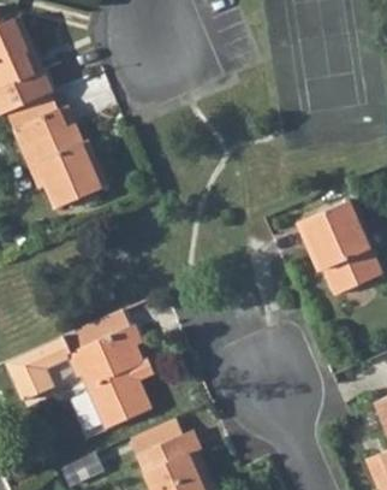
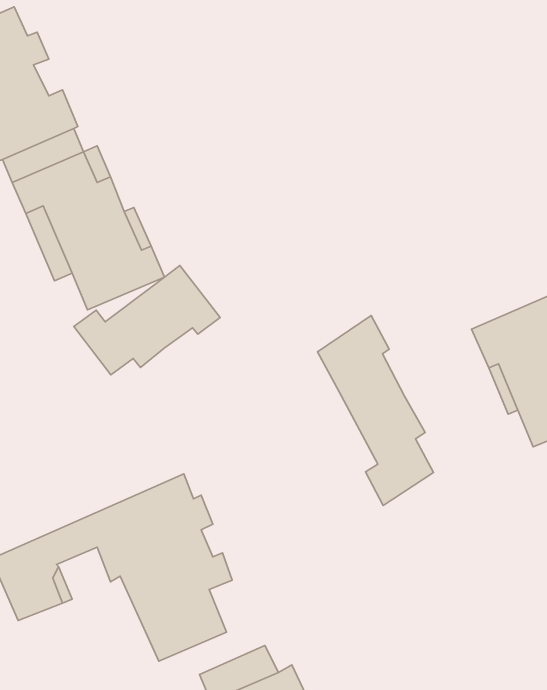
building: none -> [74,266,220,375]
building: none -> [318,316,433,505]

